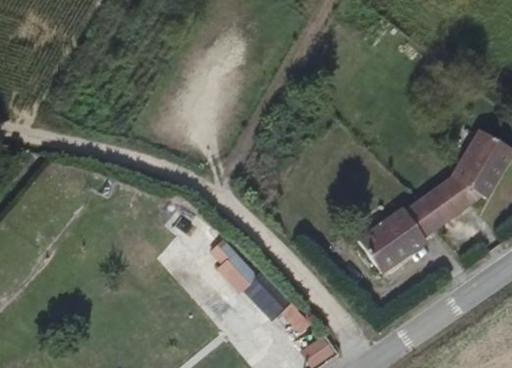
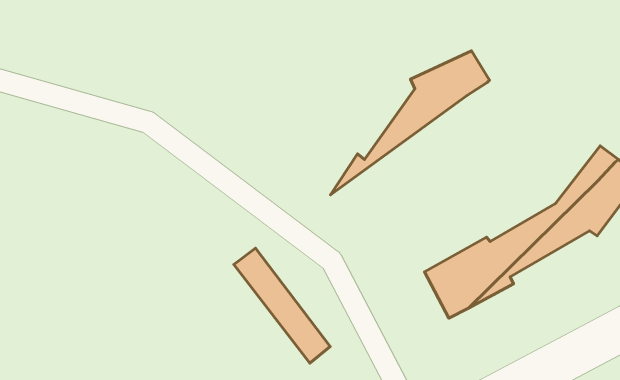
building: none -> [331,51,490,195]

